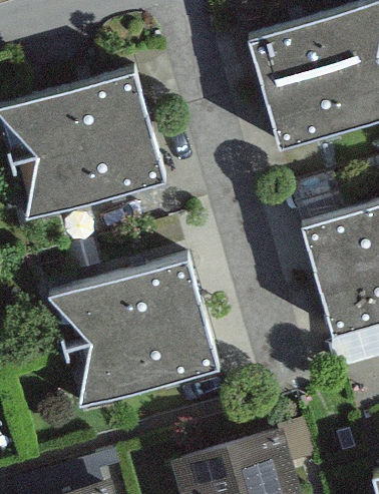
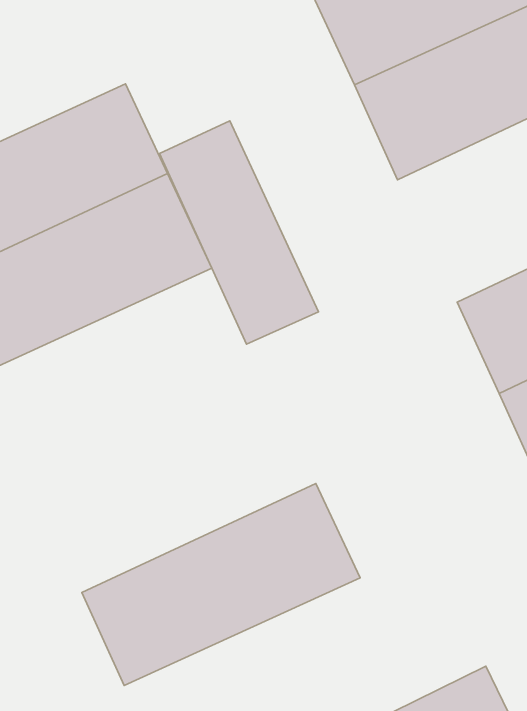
building: none -> [160,121,319,344]
building: [48,259,205,352] -> none

